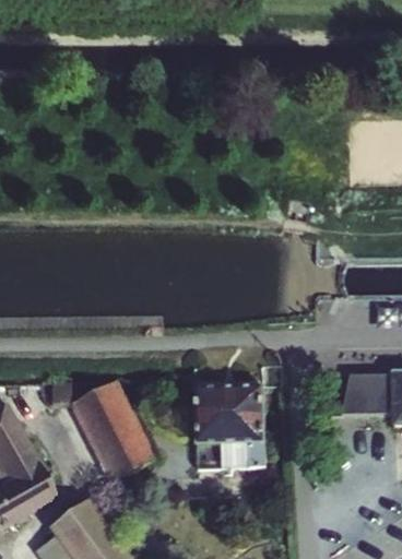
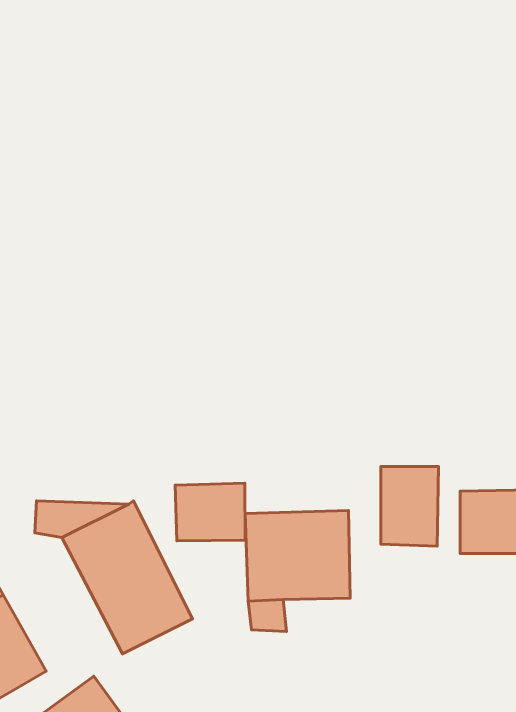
building: none -> [381,466,438,546]
building: none -> [175,483,245,541]
building: [220,445,265,468] -> none

